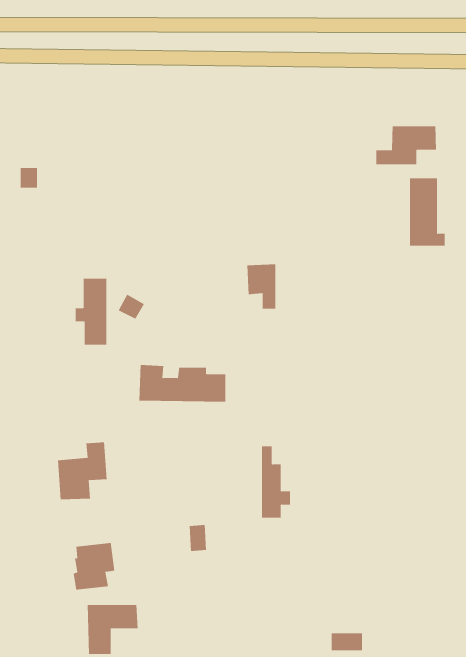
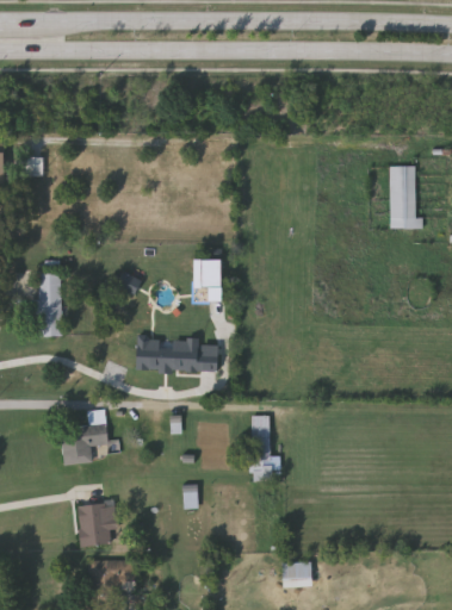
building: [376,125,437,165] -> none
building: [246,264,276,309] -> [194,261,222,303]
building: [75,278,107,345] -> [32,273,62,335]
building: [331,633,363,651] -> [280,562,310,579]

